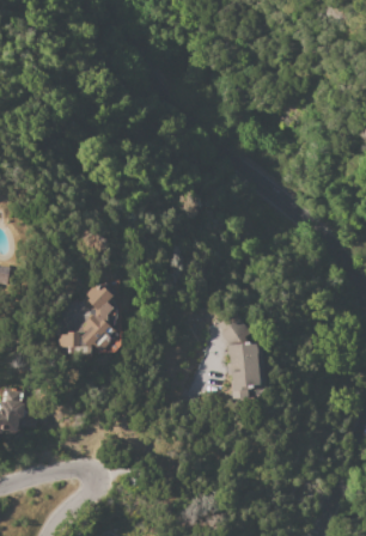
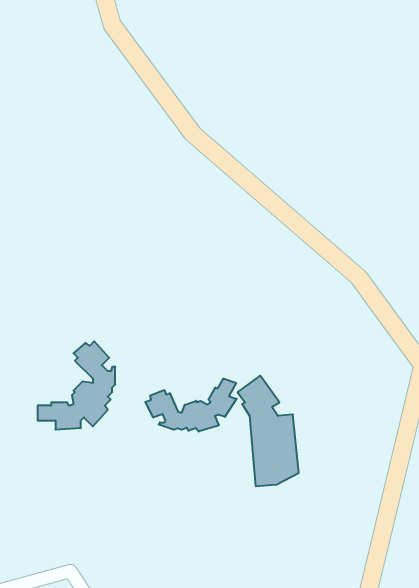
building: none -> [145,379,237,432]

